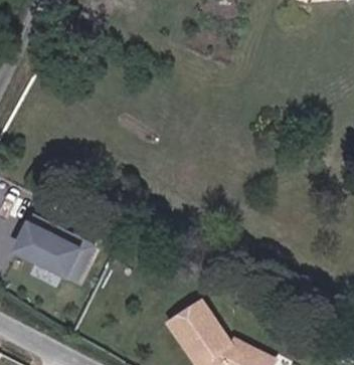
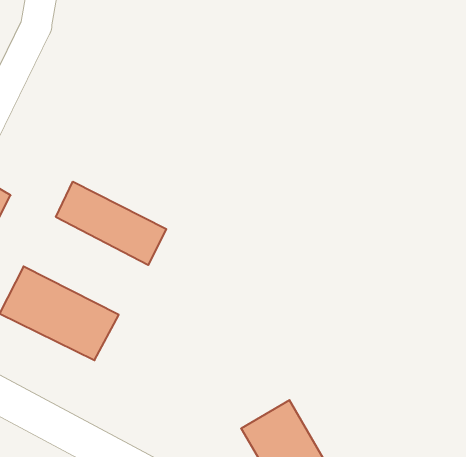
building: none -> [56,182,166,265]

